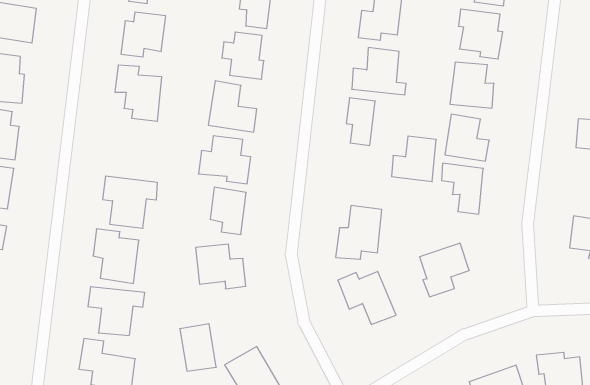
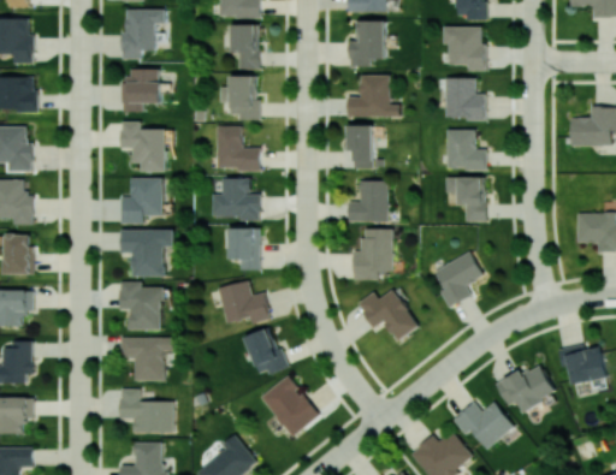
building: none -> [120,177,164,224]
building: [392,136,436,182] -> [348,180,389,221]
building: [180,324,216,371] -> [245,327,285,375]

